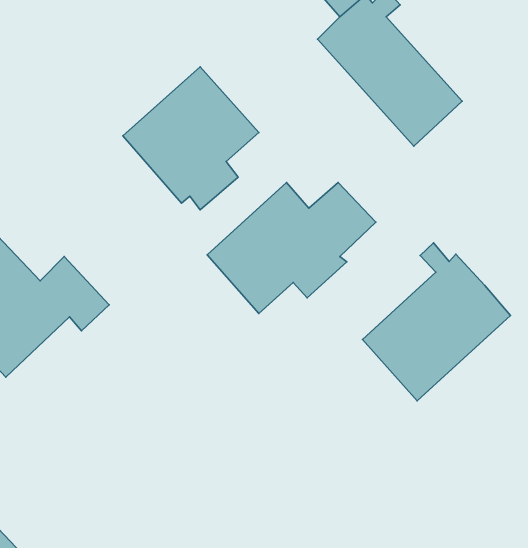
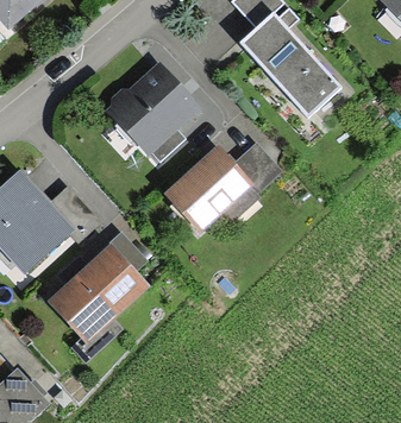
building: [362,243,510,401] -> none
building: none -> [52,239,145,358]

